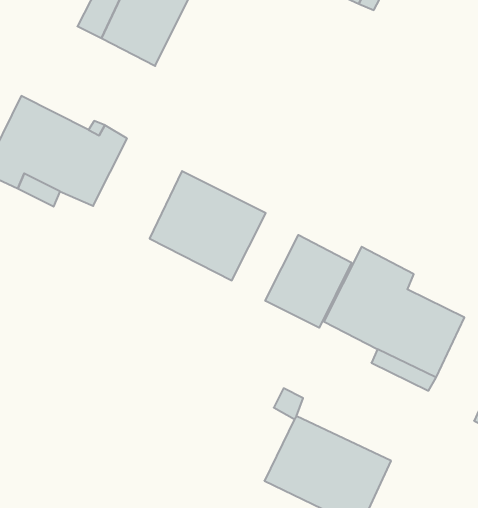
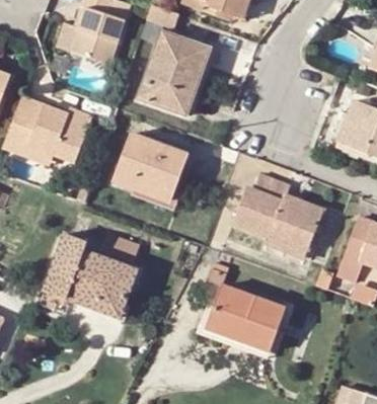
building: none -> [139,31,210,115]
building: [265,235,351,328] -> none
building: none -> [44,232,139,318]

